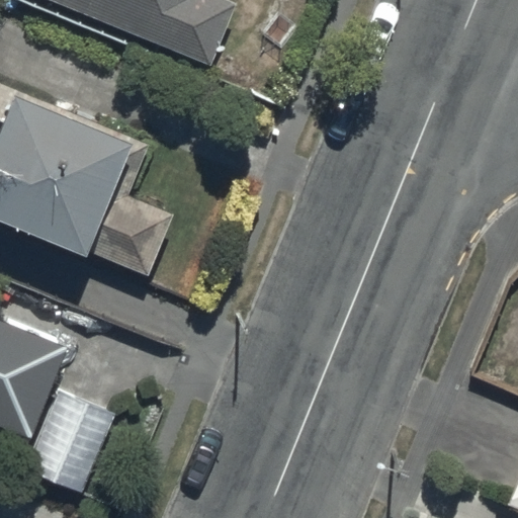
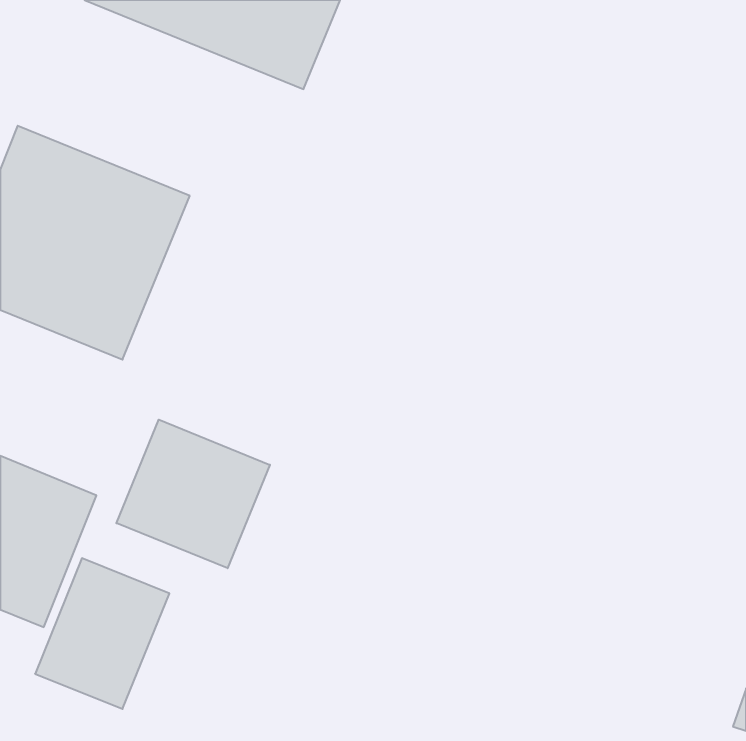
building: none -> [116,420,270,568]

